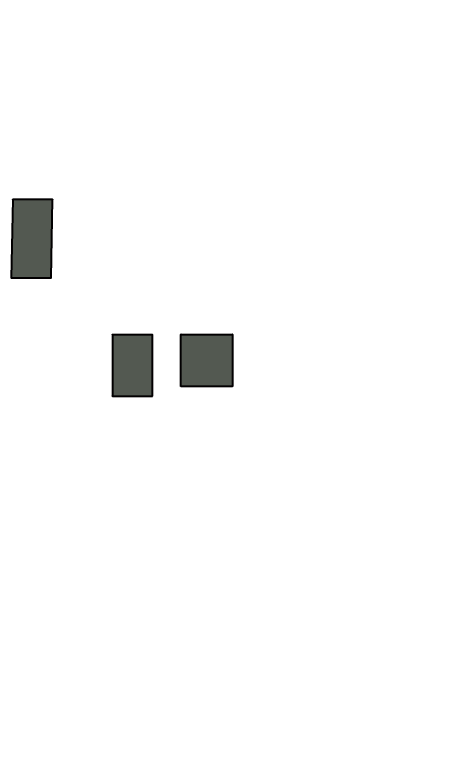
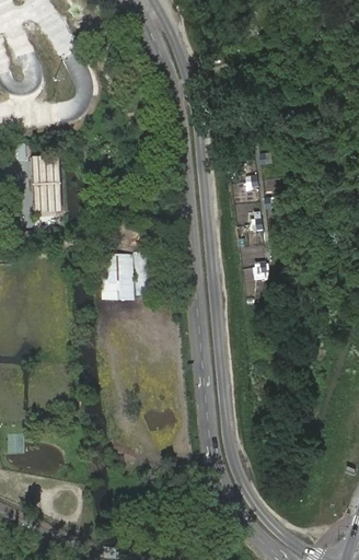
building: [181,334,232,386] -> none

